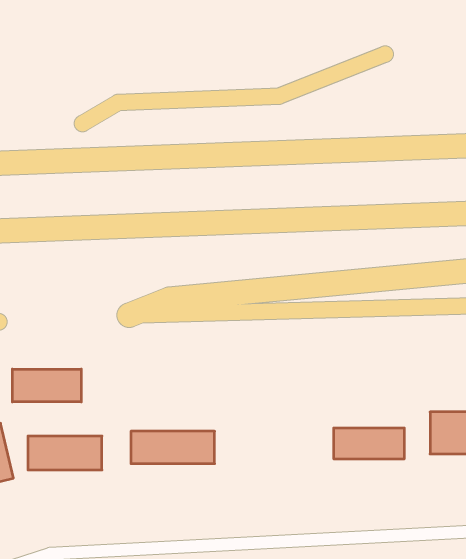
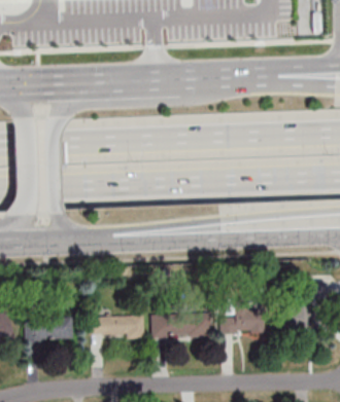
building: [12,369,81,402] -> none
building: none -> [154,314,213,337]

